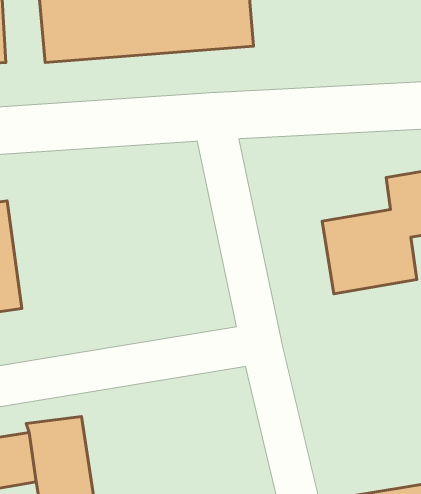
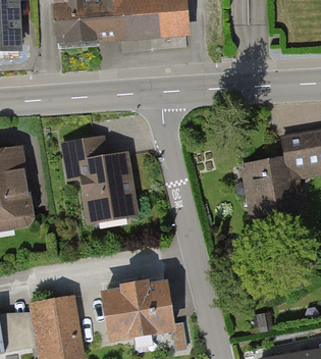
building: none -> [62,136,140,223]
building: none -> [104,274,177,338]

